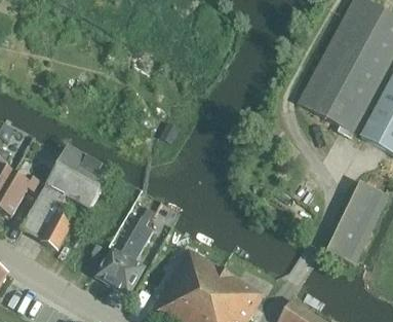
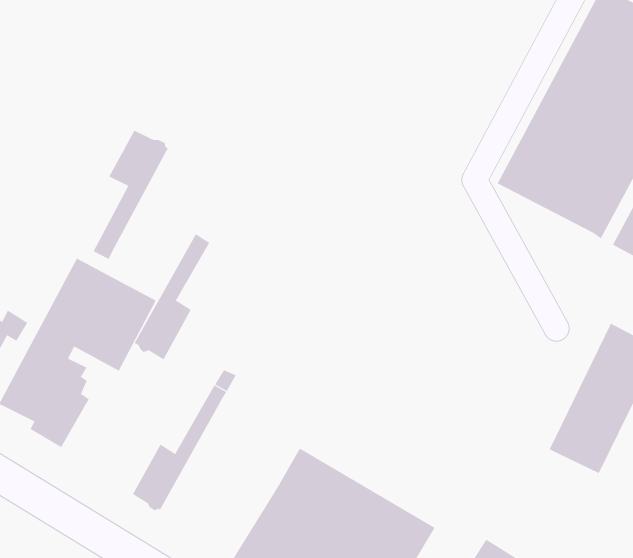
building: none -> [93,130,169,260]
building: [112,222,154,292] -> [134,234,210,360]

